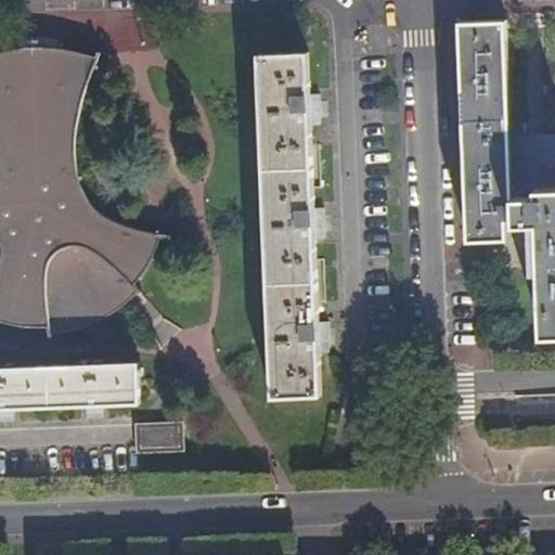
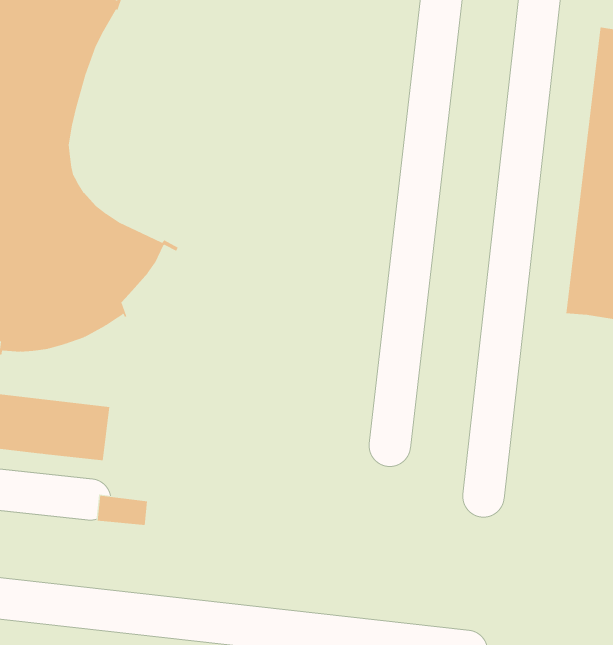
building: [254,54,323,398] -> none

